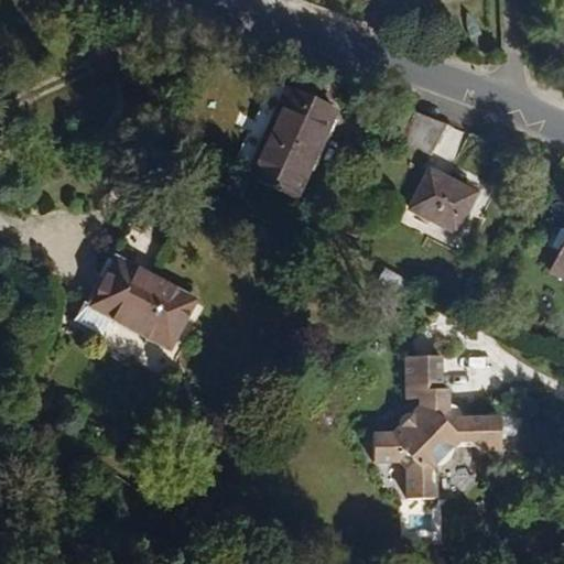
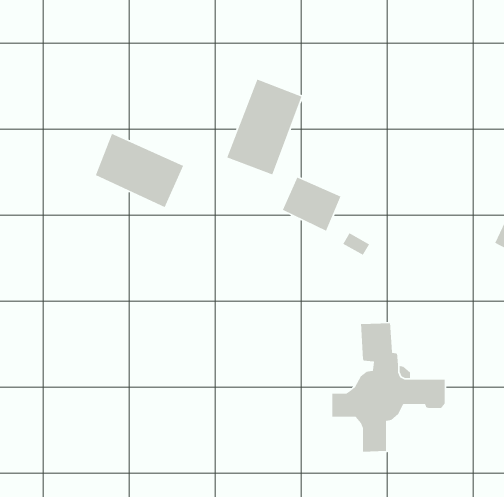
building: [410,164,476,226] -> [282,176,341,232]
building: [90,258,189,341] -> [95,133,184,208]

